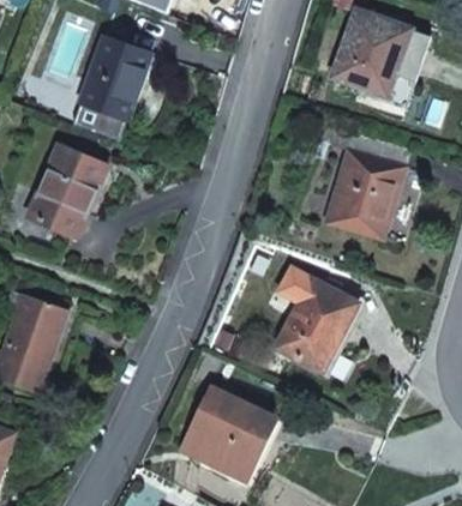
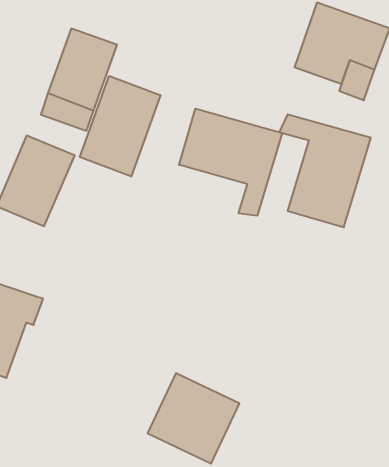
building: none -> [80,76,160,176]
building: none -> [179,109,282,216]
building: [276,282,354,369] -> none

